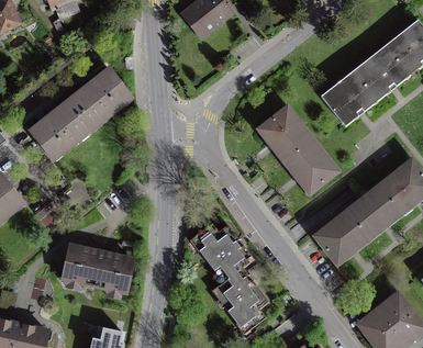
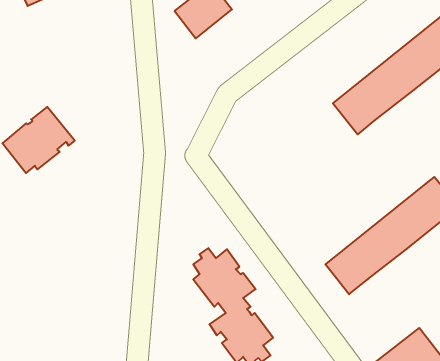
building: [69,68,130,128] -> none
building: [259,106,337,192] -> none
building: [63,246,132,292] -> none

